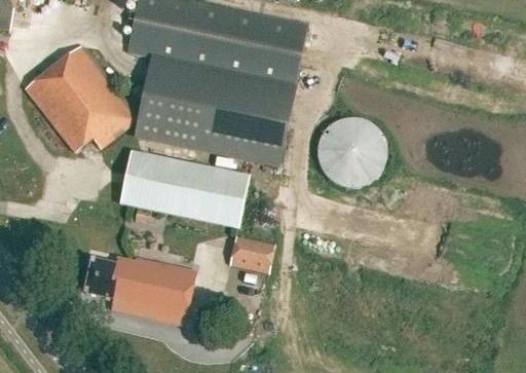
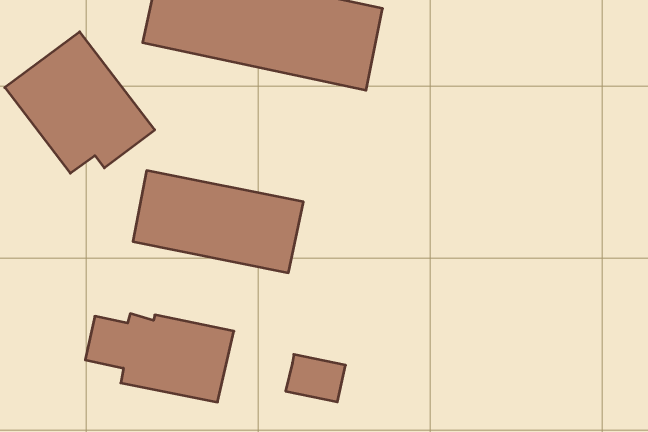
building: [136,60,293,162] -> none
building: [316,119,386,189] -> none
building: [229,235,274,271] -> [286,354,346,402]

